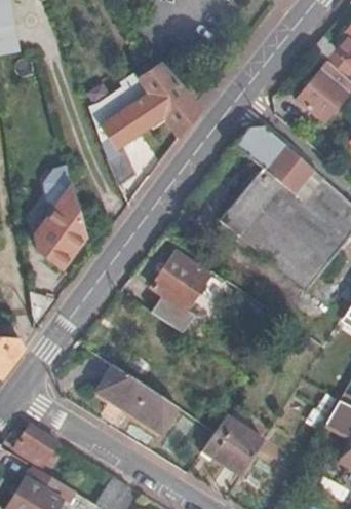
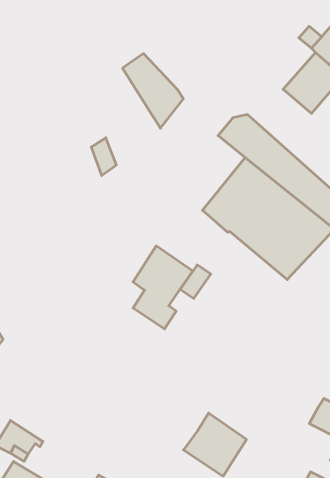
building: [99,80,162,148] -> none
building: [37,190,85,256] -> none
building: [95,367,177,434] -> none

